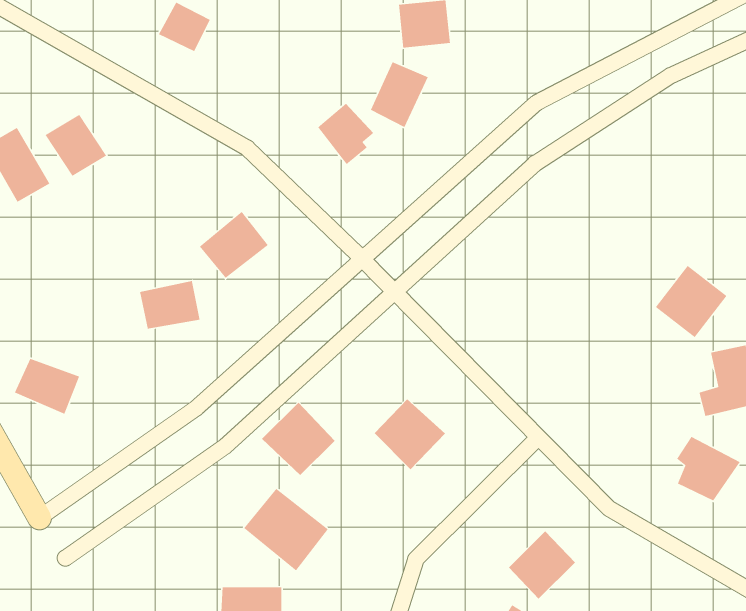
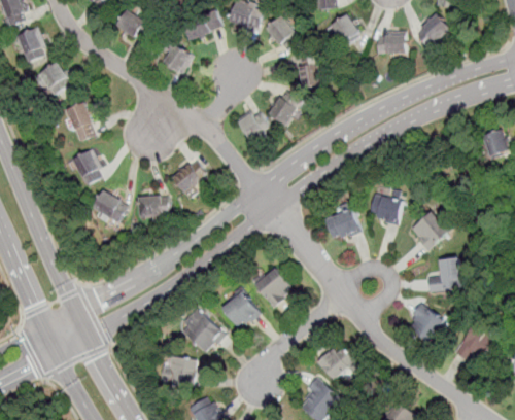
building: [45,114,107,177] -> [71,152,103,185]
building: none -> [367,192,402,223]
building: none -> [323,207,362,243]
building: [14,358,80,415] -> [93,190,129,222]
building: [261,402,335,476] -> [221,290,261,329]

